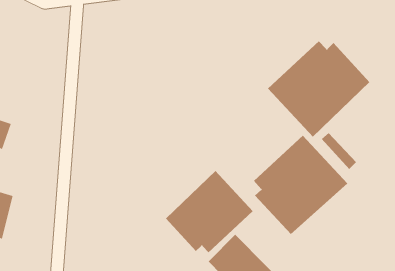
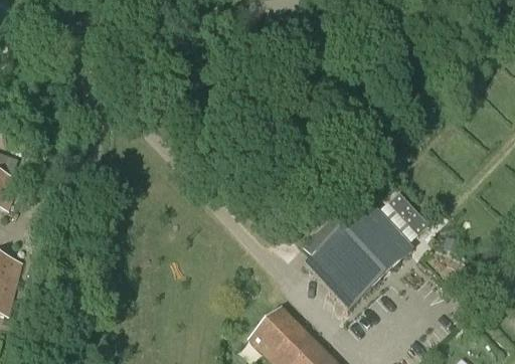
building: [267,41,370,138] -> none
building: [165,170,254,253] -> none

